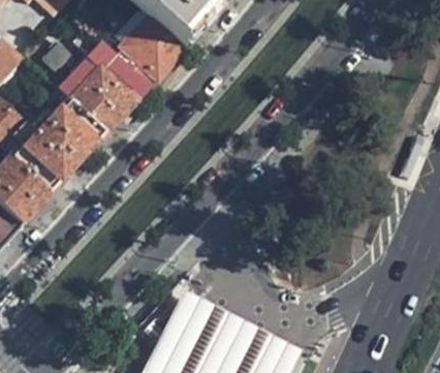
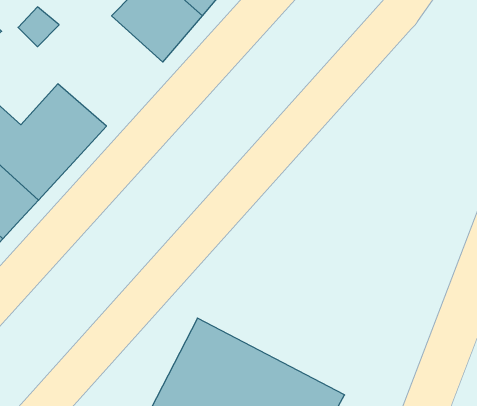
building: [55,44,145,133] -> none

